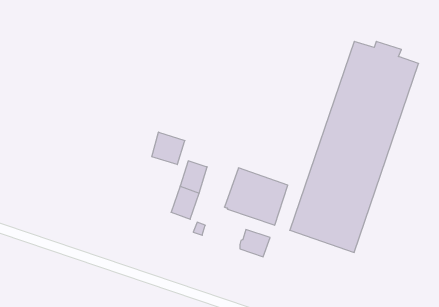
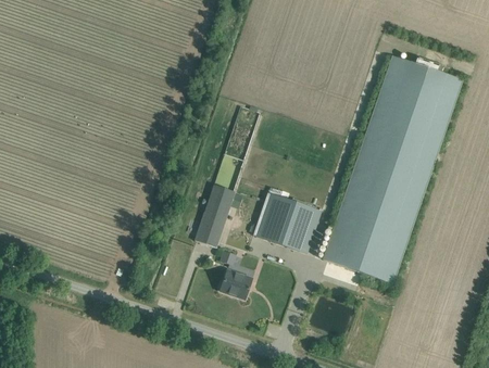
building: [152,132,185,165] -> none
building: [240,230,270,257] -> [220,269,252,299]

